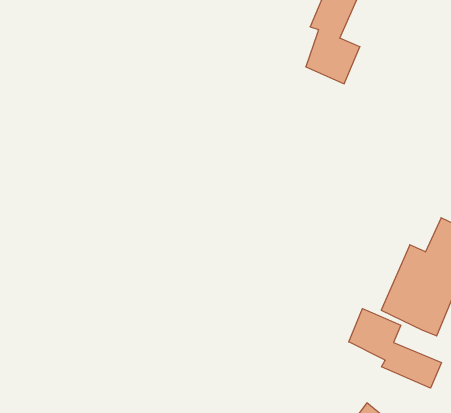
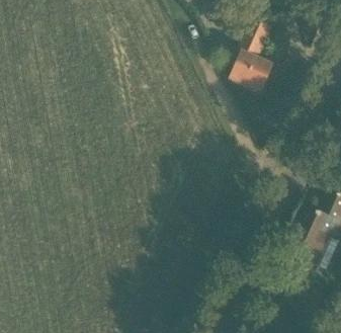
building: [349,309,441,388] -> none

